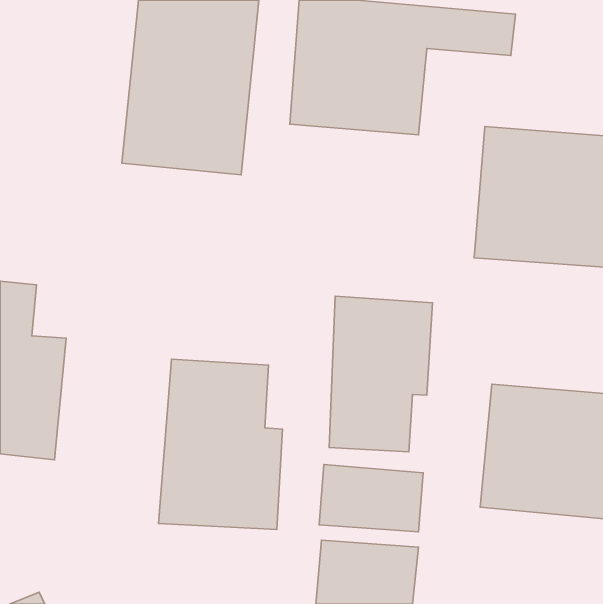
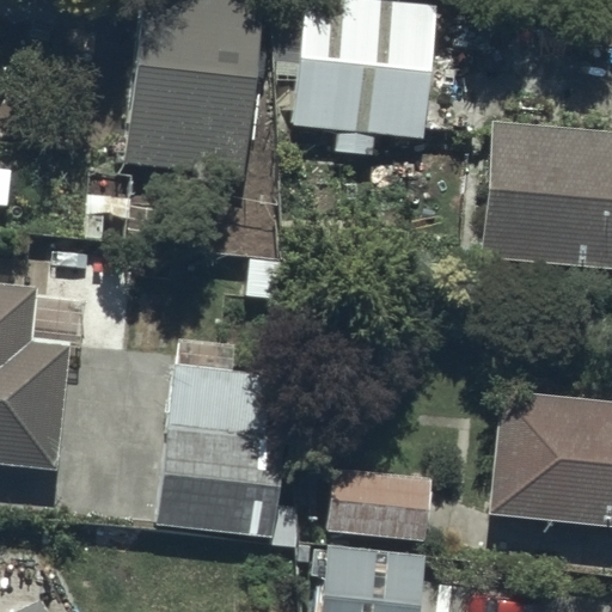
building: [329,296,432,452] -> none

